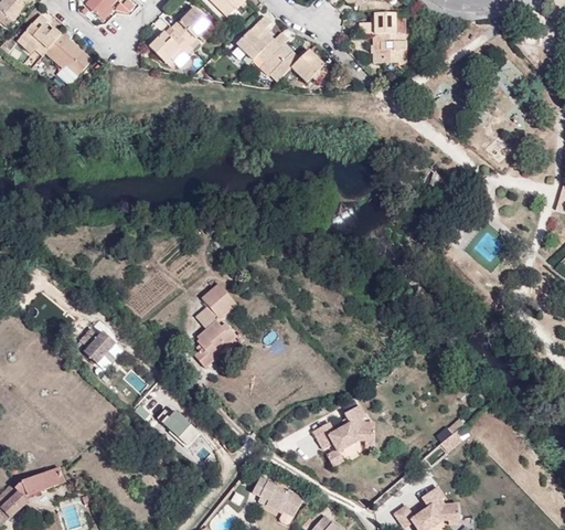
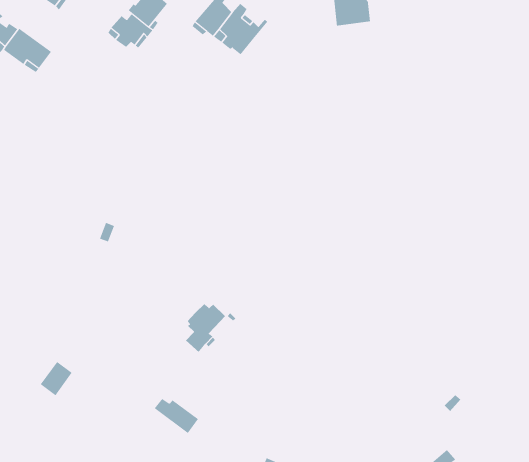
building: [290,47,329,82] -> none
building: [194,282,235,328] -> none
building: [84,331,117,365] -> [40,361,73,396]
building: [311,405,374,468] -> none

